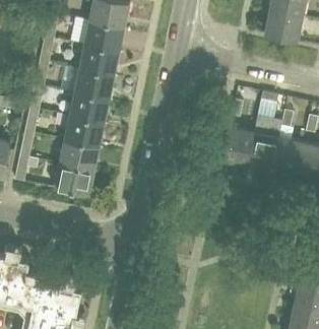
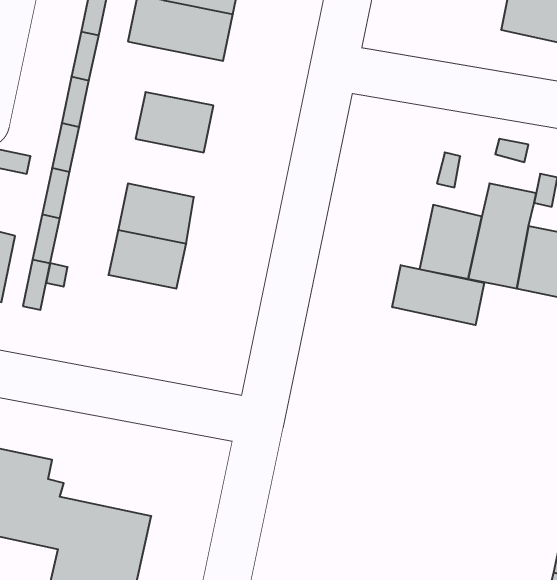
building: [78,44,119,74] -> none
building: [69,91,109,122] -> none
building: none -> [392,265,484,325]
building: [54,162,94,195] -> none

